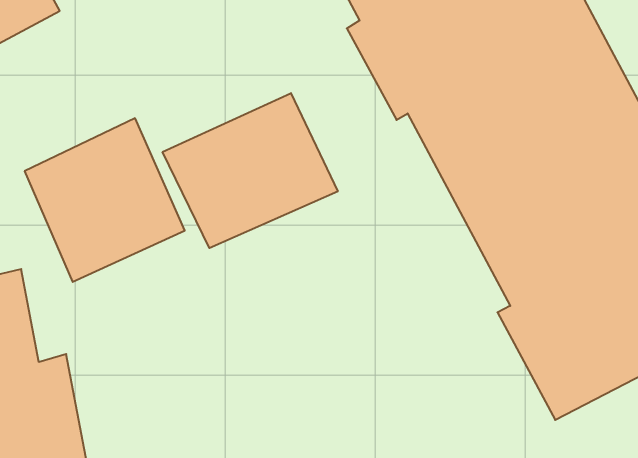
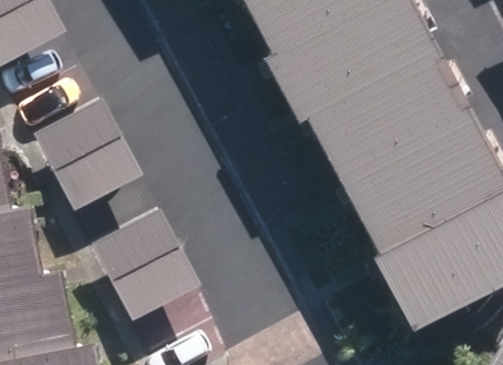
building: [163,93,338,248] -> none
building: none -> [88,213,200,328]

